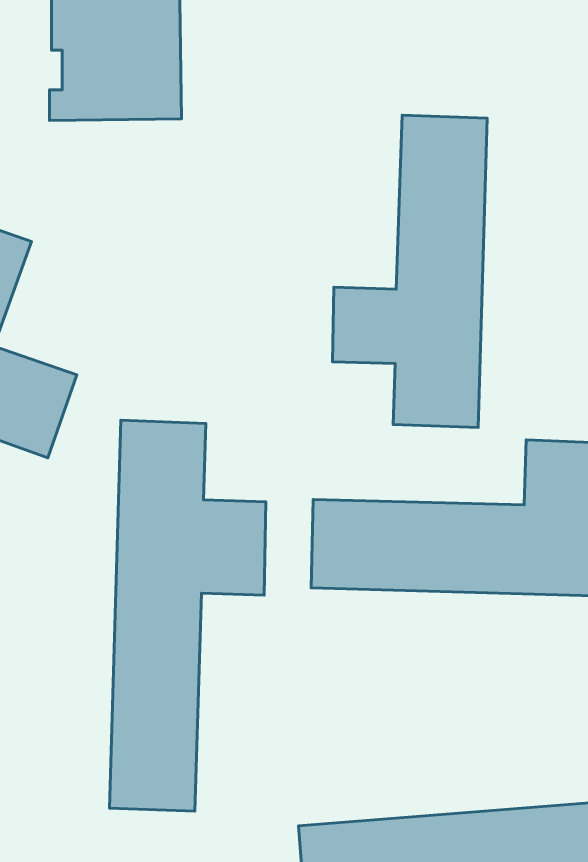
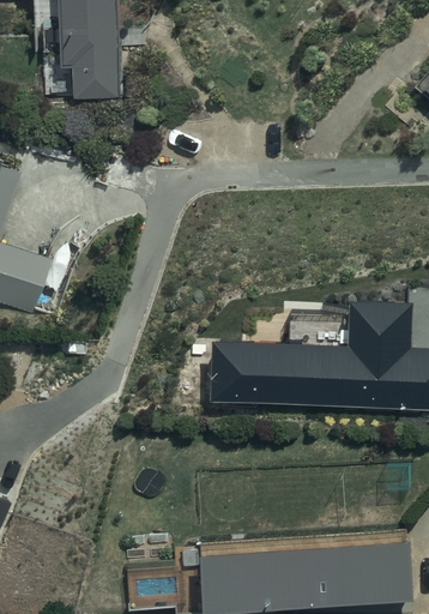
building: [333,115,487,428] -> none
building: [110,420,266,811] -> none

